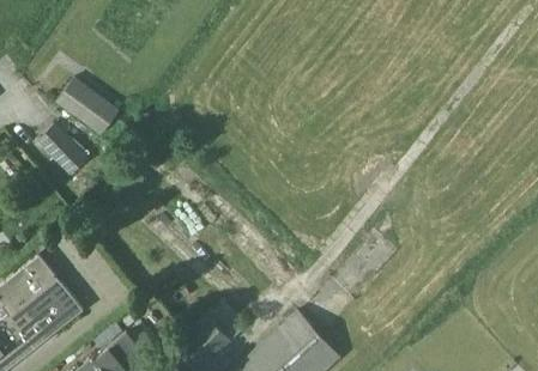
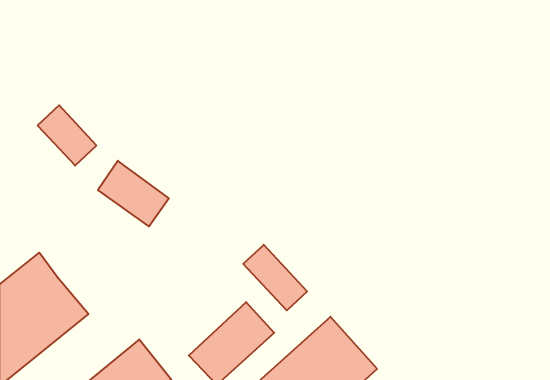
building: [55,77,119,135] -> [98,161,169,226]
building: none -> [243,245,307,310]

